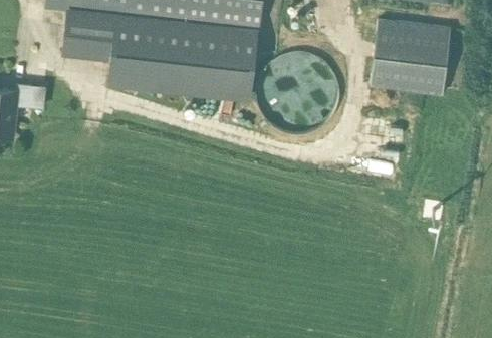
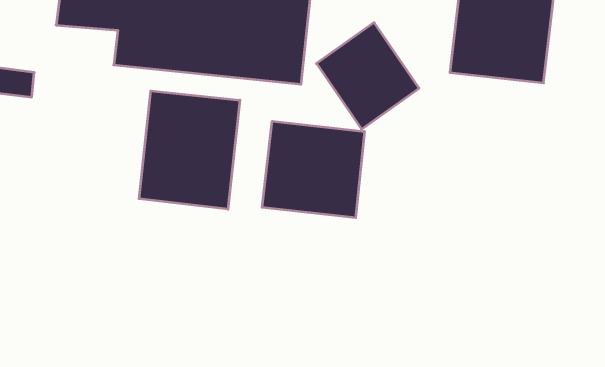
building: none -> [139,91,240,209]
building: none -> [262,121,364,218]

